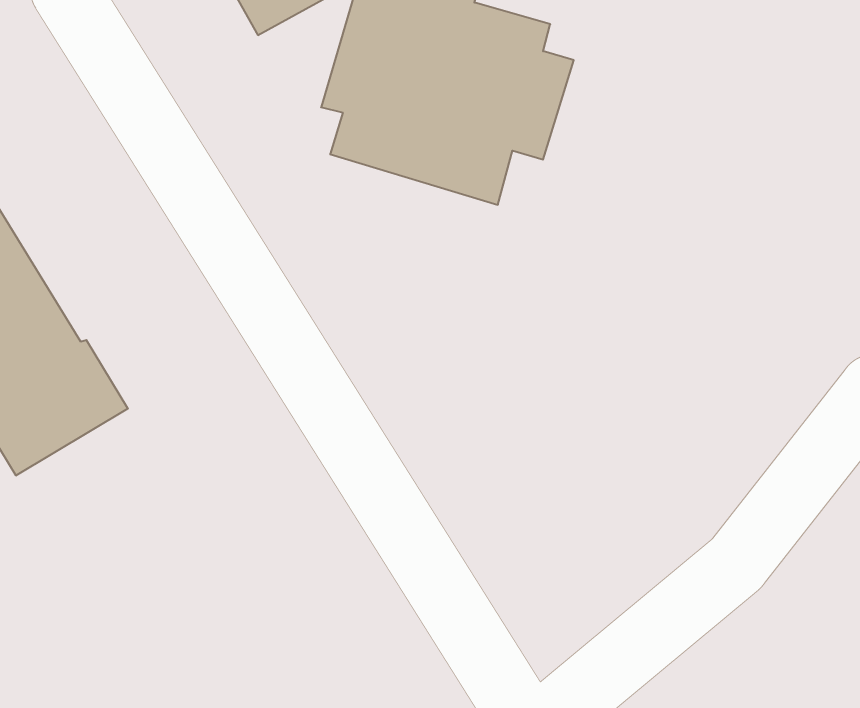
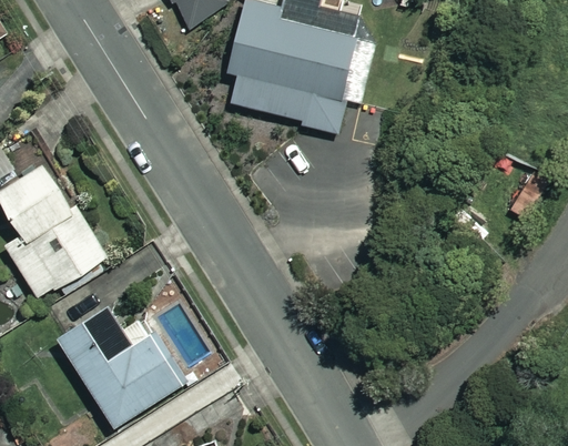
building: none -> [58,308,180,427]

